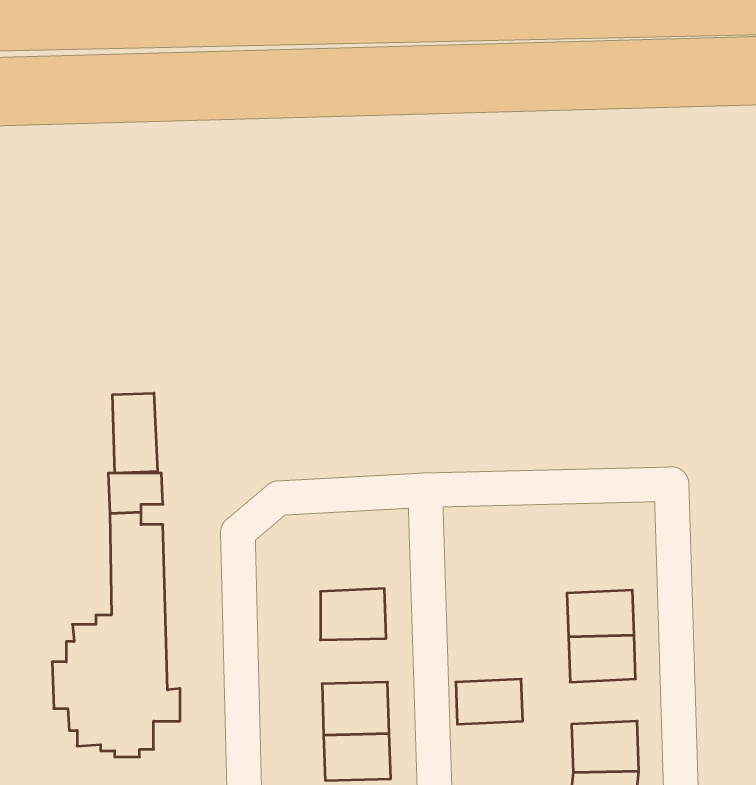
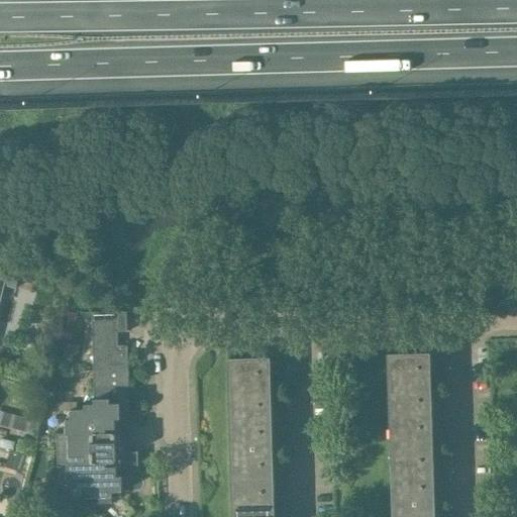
building: [113,393,158,473] -> none
building: none -> [387,355,430,392]
building: none -> [227,360,270,391]
building: none -> [228,421,272,450]
building: [456,679,523,724] -> [390,447,433,477]

